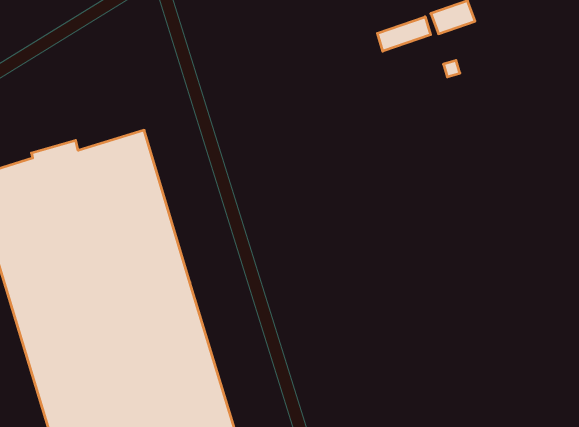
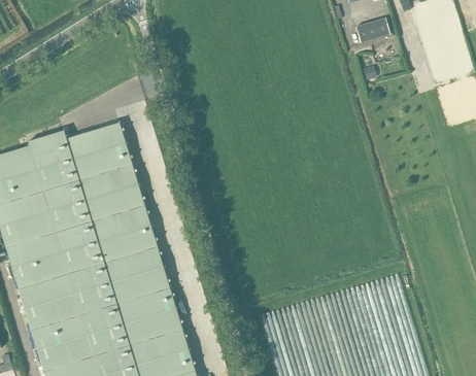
building: [377,17,431,51] -> none

